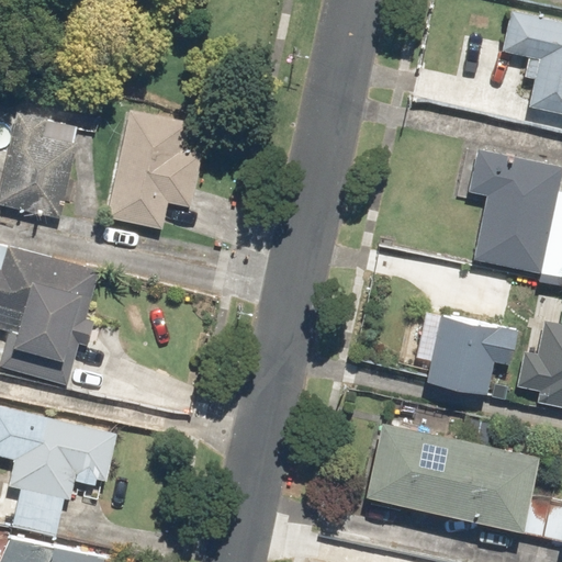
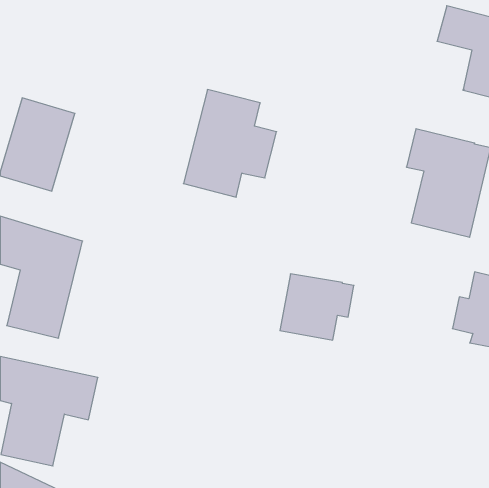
building: [101,110,207,233] -> [183,90,277,197]
building: [429,316,514,392] -> [280,274,354,340]
building: [362,422,531,527] -> none

